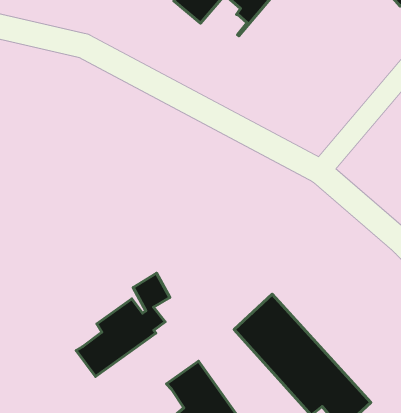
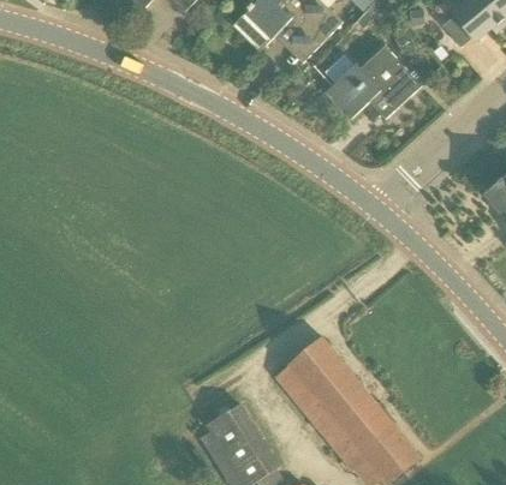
building: none -> [325,46,421,119]
building: [76,273,170,377] -> none

